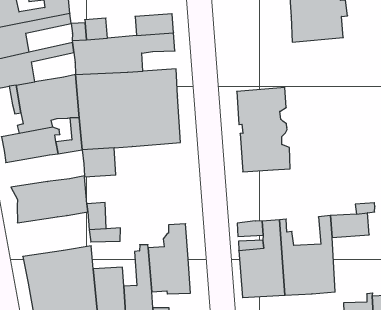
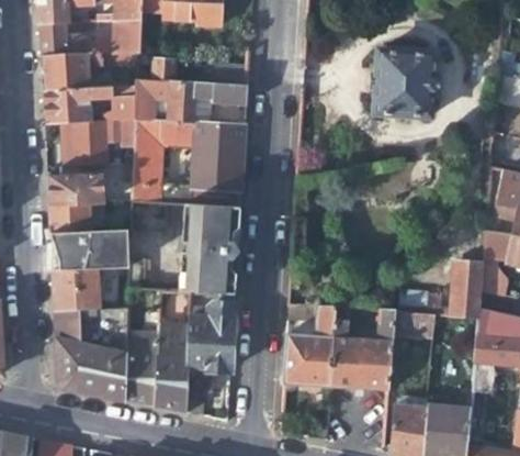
building: [237,87,290,172] -> [182,204,239,296]
building: none -> [47,202,97,232]
building: none -> [52,270,98,309]

